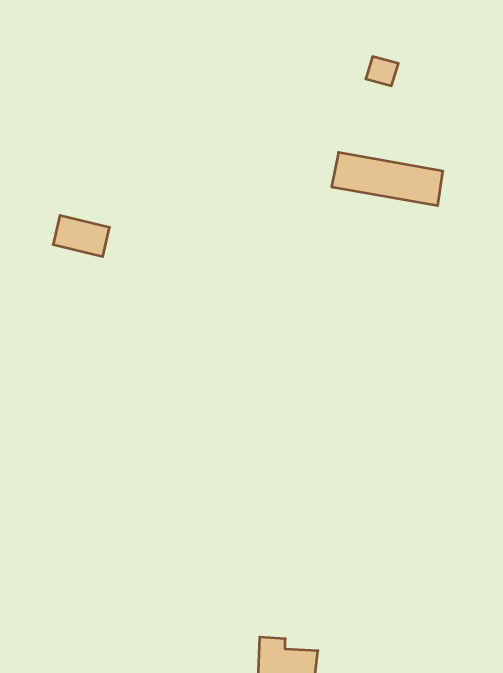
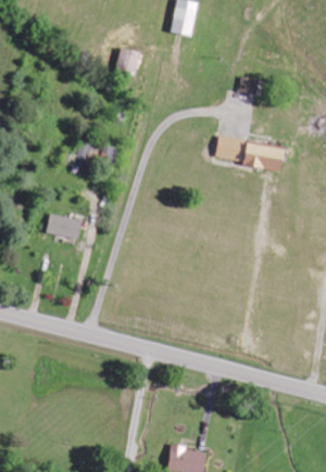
building: none -> [115,48,140,73]
building: [53,215,110,257] -> [46,213,82,239]

